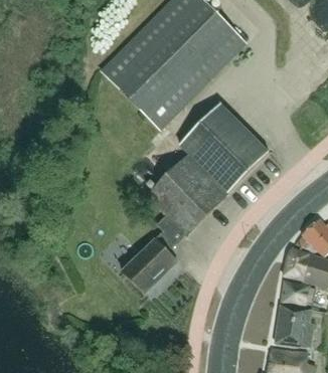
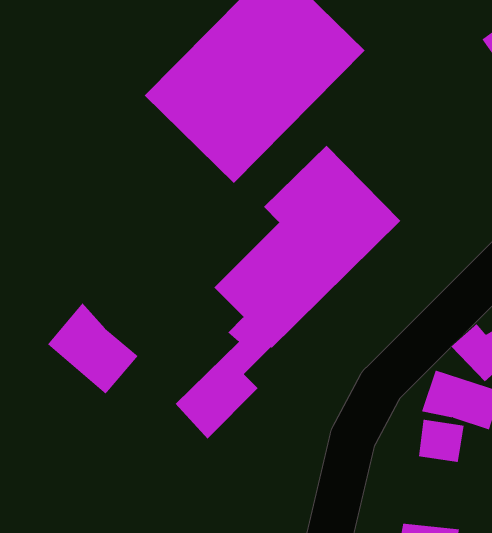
building: none -> [47,303,139,394]
building: [274,305,312,348] -> none

